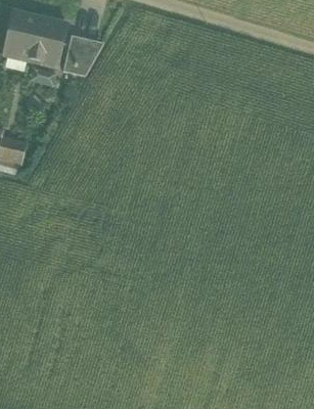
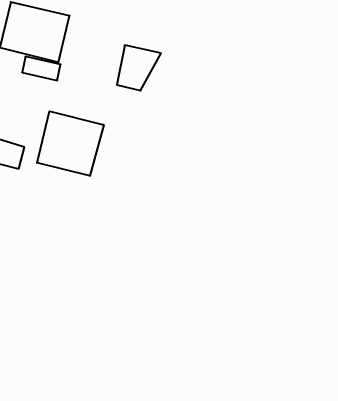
building: [62,34,102,75] -> [117,45,161,91]
building: none -> [37,111,104,176]

